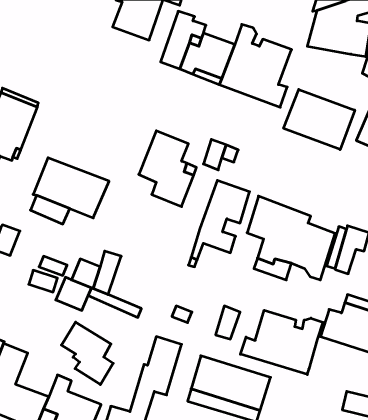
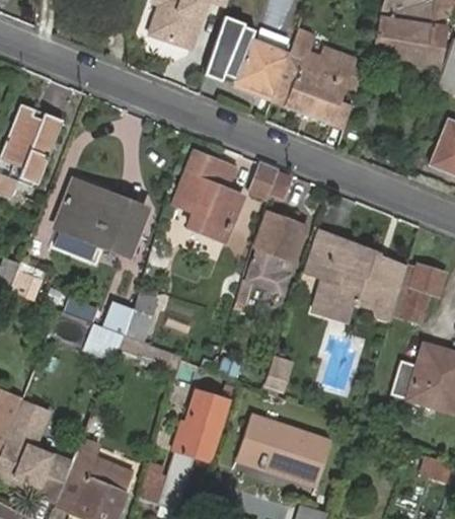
building: [284,89,355,150] -> none
building: [240,310,323,375] -> none
building: [61,322,113,385] -> none

